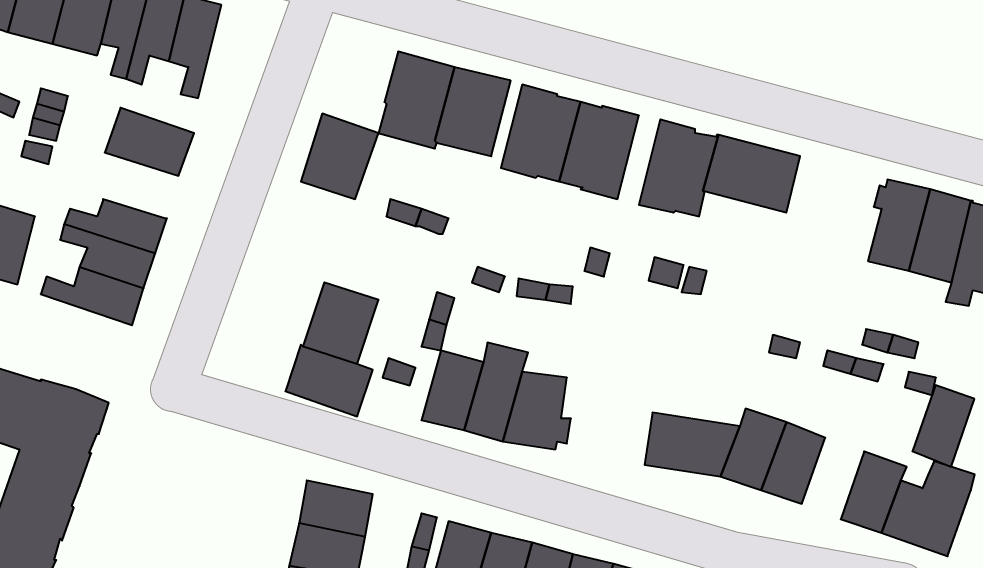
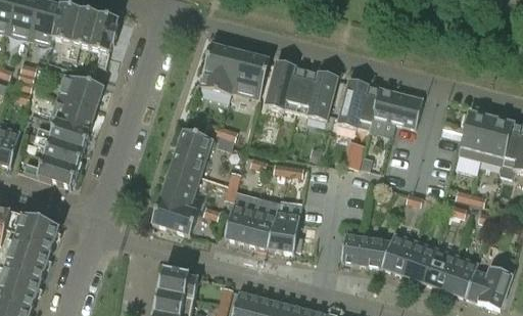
building: [301,114,379,199] -> [172,128,212,173]
building: none -> [49,95,95,130]
building: [912,385,974,467] -> [423,245,456,288]

